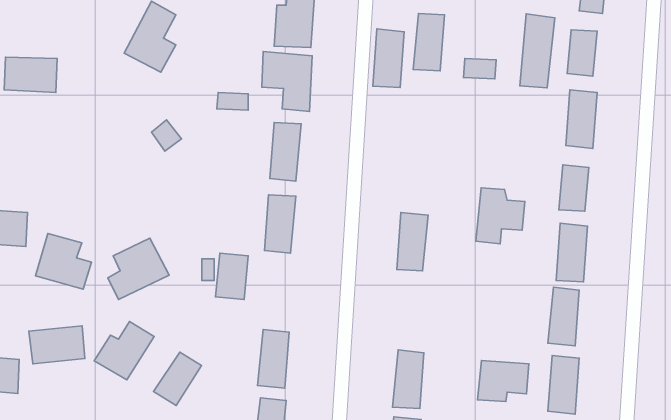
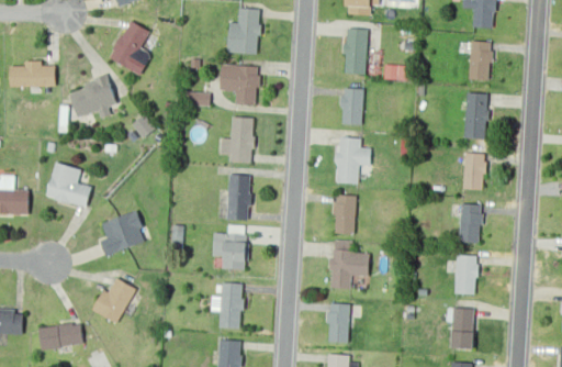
building: [520,14,555,88] -> none
building: [373,29,404,88] -> [339,84,364,131]
building: none -> [69,79,117,119]
building: [476,188,525,244] -> [334,137,373,182]
building: [36,233,91,289] -> [48,163,93,208]
building: [216,253,248,299] -> [220,232,246,269]
building: none -> [329,244,368,289]
building: [29,326,85,364] -> [36,319,81,349]
building: [154,352,201,406] -> none
building: [478,360,529,402] -> none

